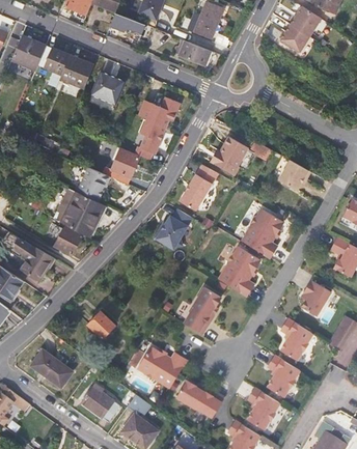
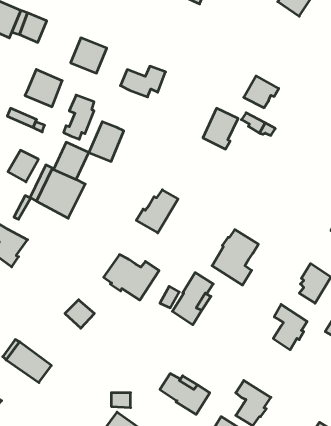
building: [180,41,212,66] -> none
building: [60,56,94,90] -> [25,69,62,107]
building: [135,119,163,160] -> [64,95,94,139]
building: [278,160,310,189] -> [244,76,279,108]
building: [179,166,217,212] -> none
building: [246,209,289,259] -> none
building: [52,224,80,253] -> [8,150,38,182]
building: [133,344,184,386] -> [104,255,159,300]
building: [265,352,296,393] -> none
building: [81,385,120,421] -> none

